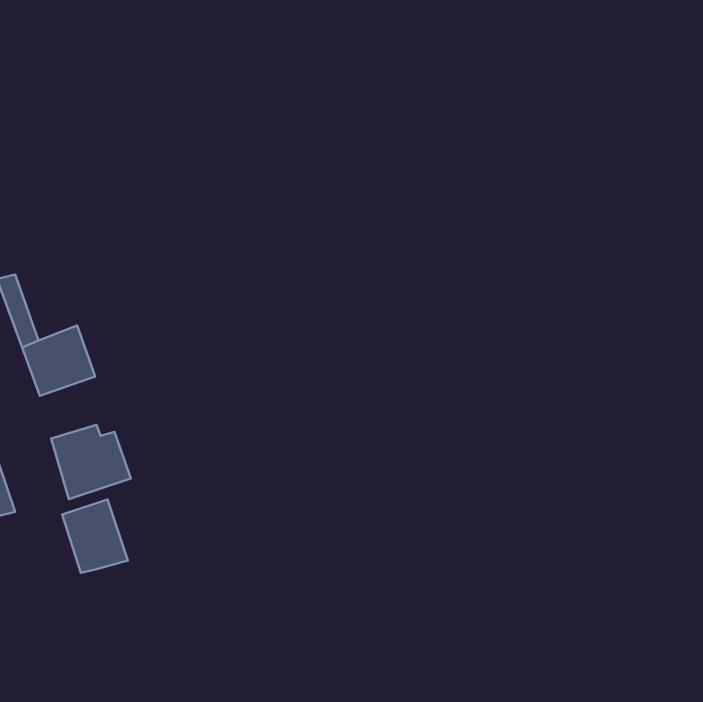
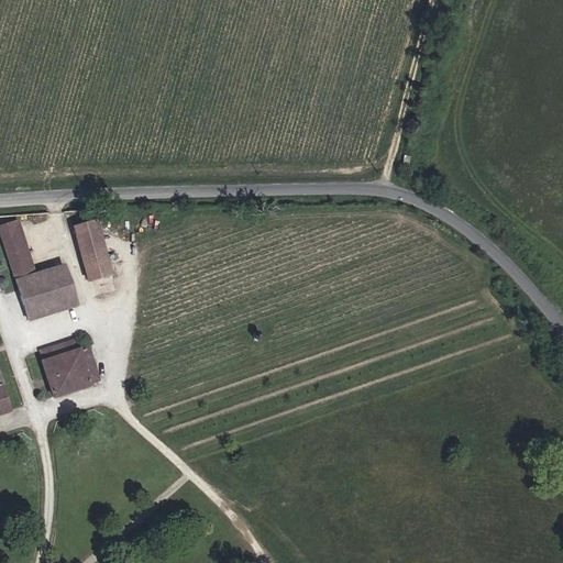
building: none -> [73,221,114,285]
building: [62,499,128,573] -> none

